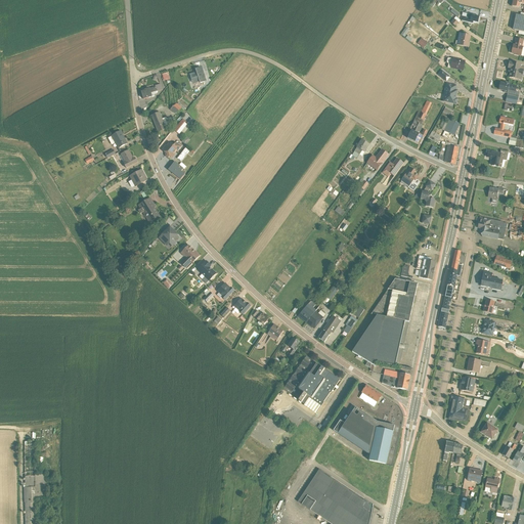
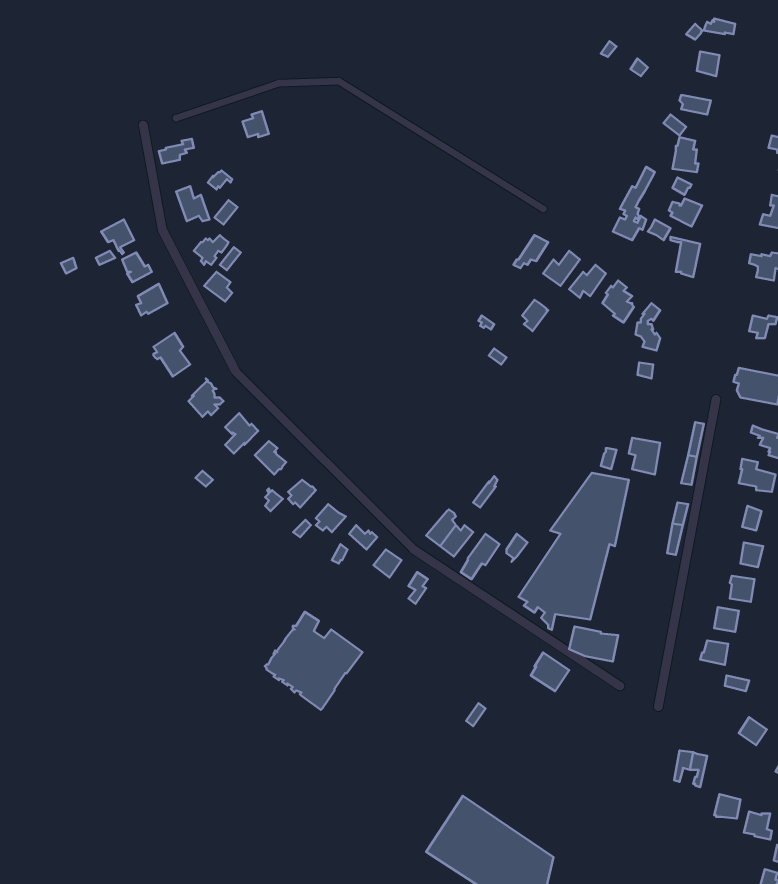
building: [282,355,340,412] -> [265,612,363,710]
building: [449,395,470,421] -> none
building: [333,405,394,463] -> none

